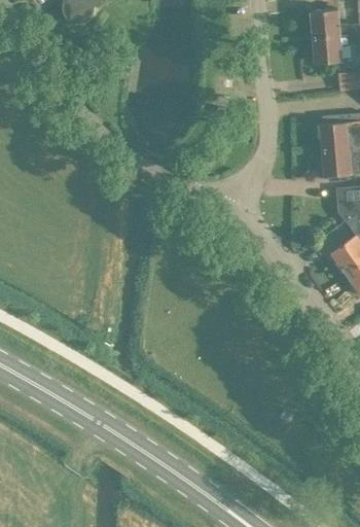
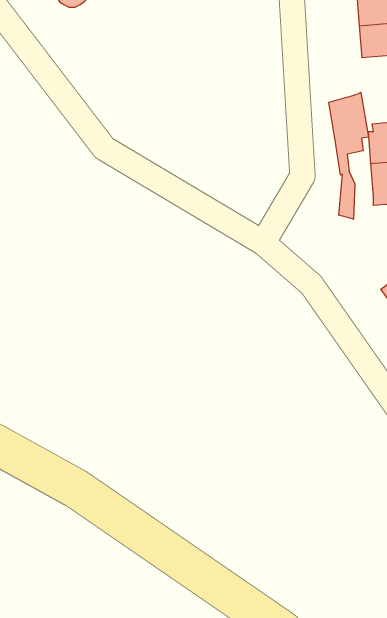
building: none -> [329,92,369,219]

